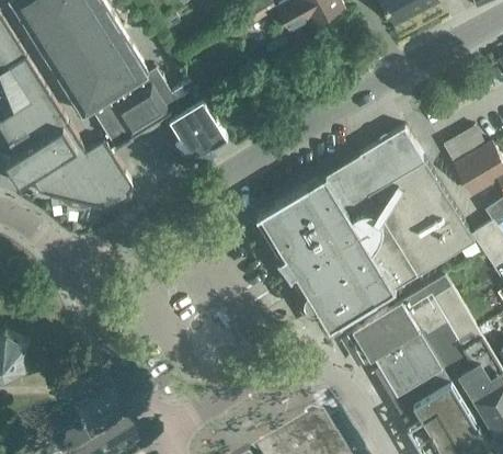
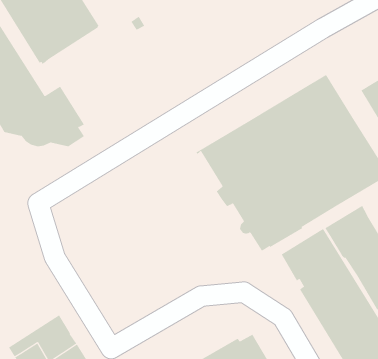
building: [91,68,228,150] -> none

